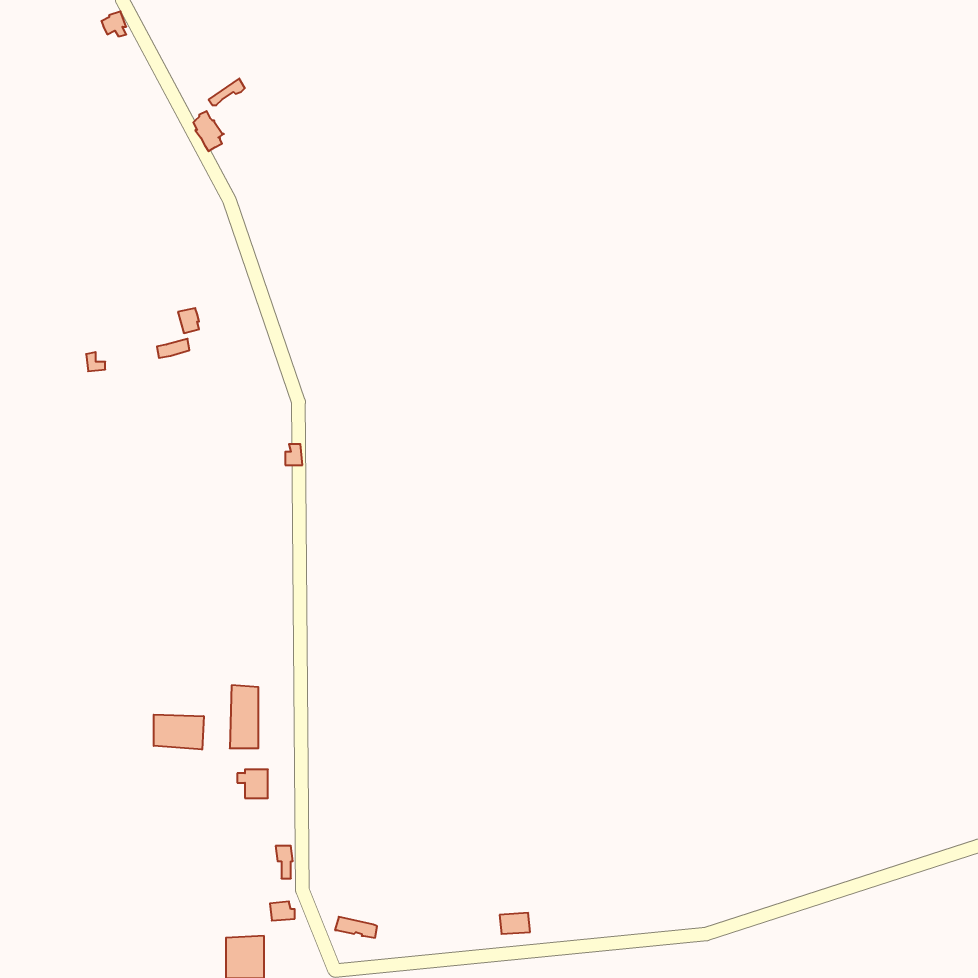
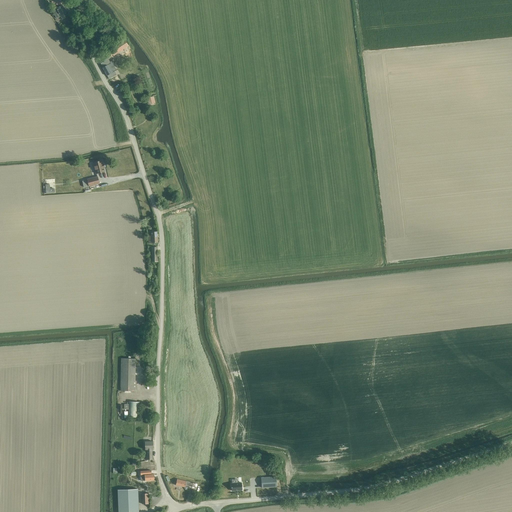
building: [154,715,204,750] -> none

